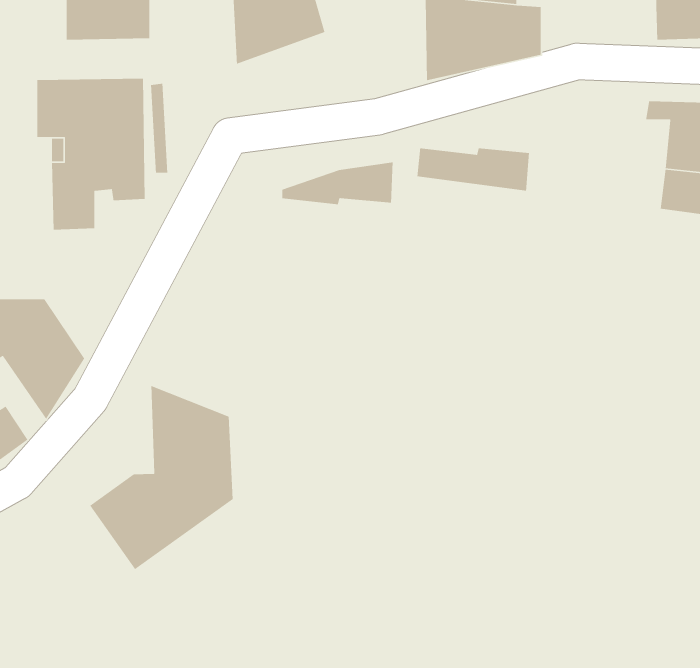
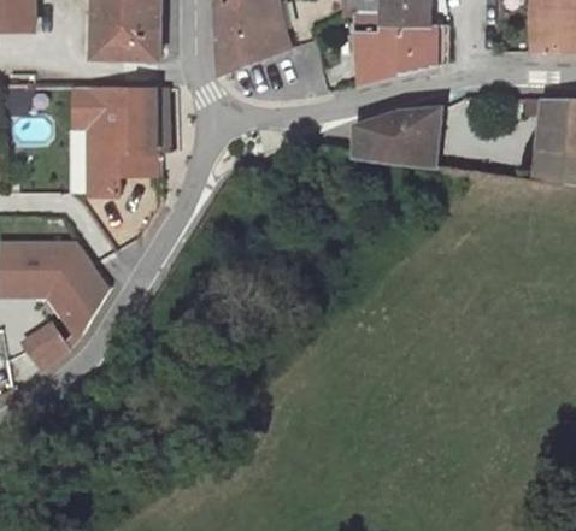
building: [282,161,394,205] -> [357,106,440,138]
building: [89,385,233,570] -> none

